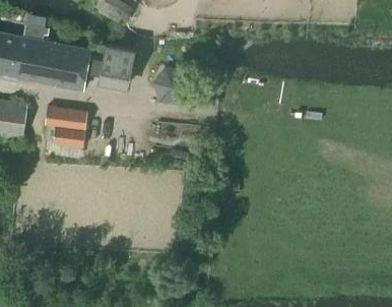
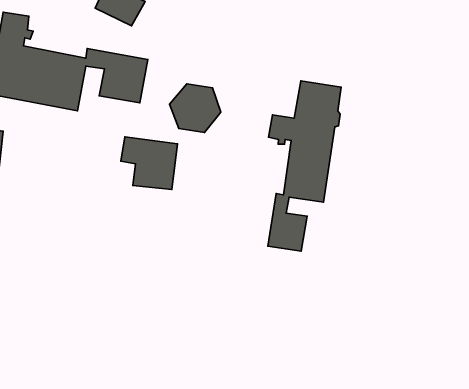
building: none -> [268,81,341,251]
building: [44,107,86,146] -> [121,137,177,190]

